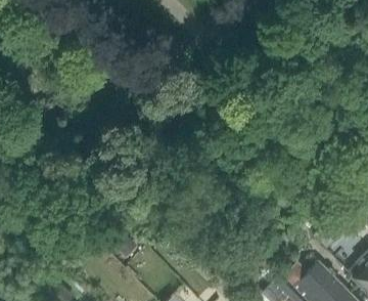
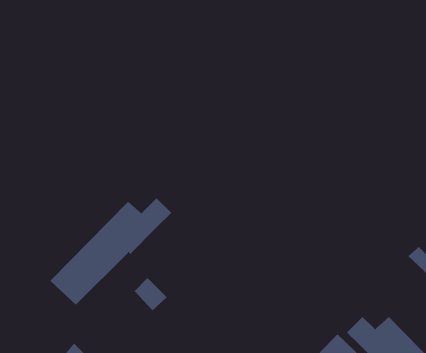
building: none -> [49,197,172,306]

